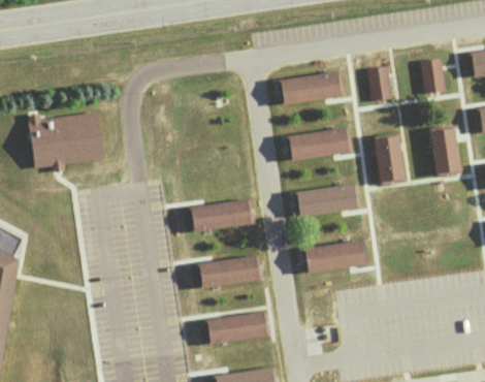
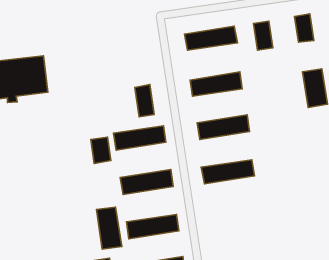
building: [374,133,406,183] -> none
building: none -> [135,85,154,117]
building: none -> [91,137,111,164]
building: none -> [96,207,122,249]

